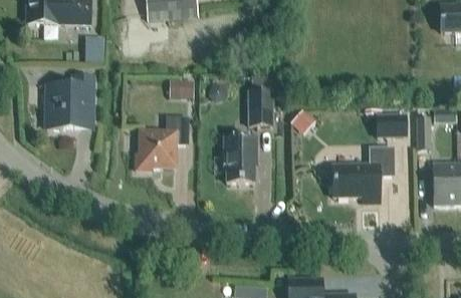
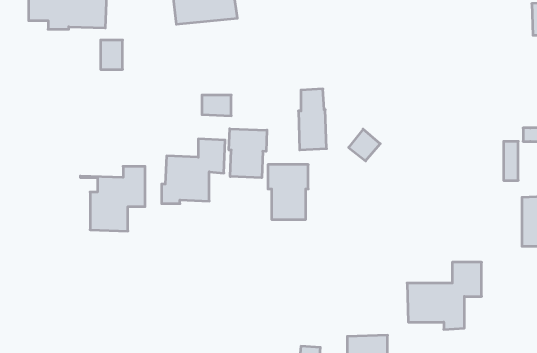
building: [39,76,92,129] -> [80,166,145,231]
building: none -> [229,129,267,178]
building: [378,114,406,137] -> none
building: [332,147,394,203] -> [407,262,482,329]

